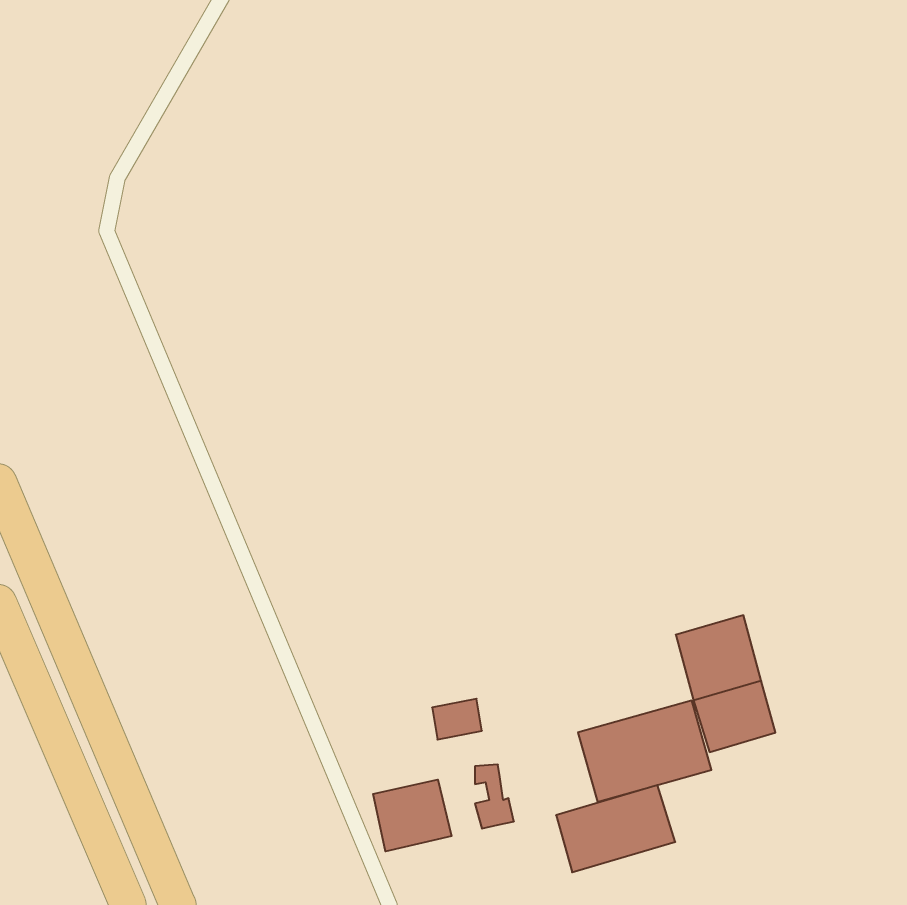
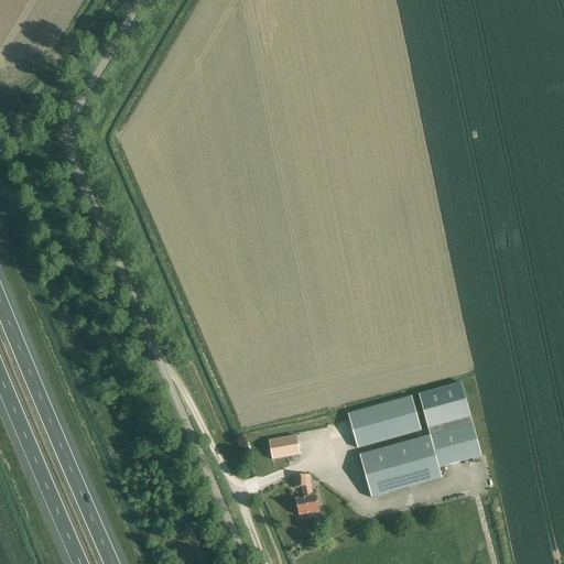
building: [373,780,452,851] -> none
building: [556,785,675,872] -> [347,393,421,447]

